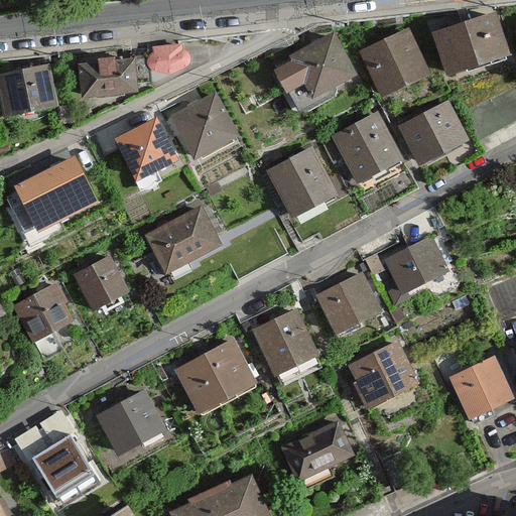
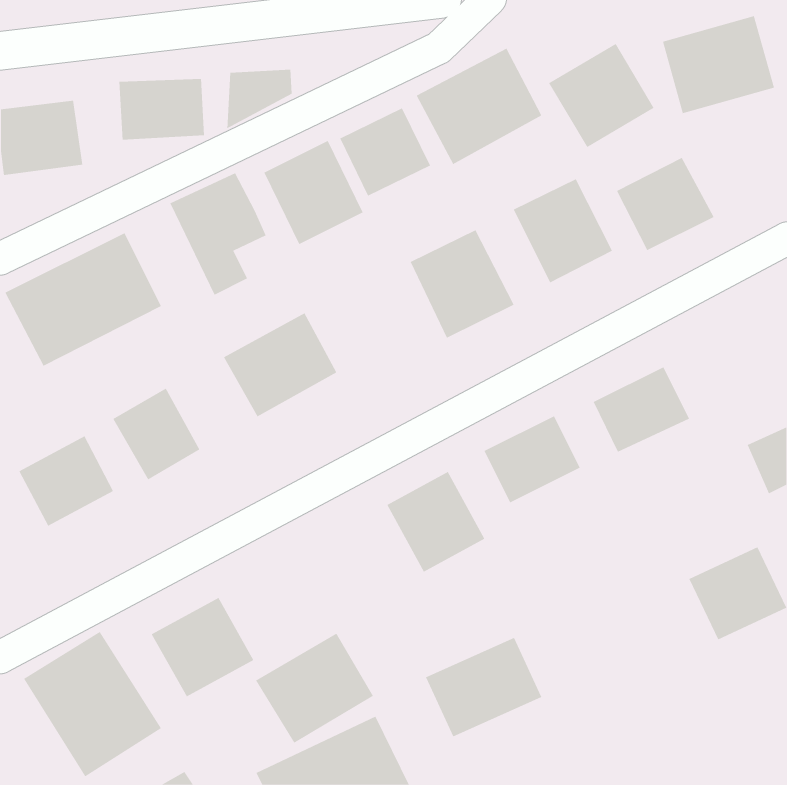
building: none -> [339,108,431,196]
building: [348,340,416,402] -> none
building: [177,341,255,413] -> [255,633,374,744]

